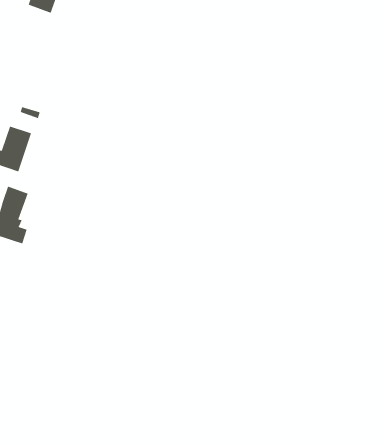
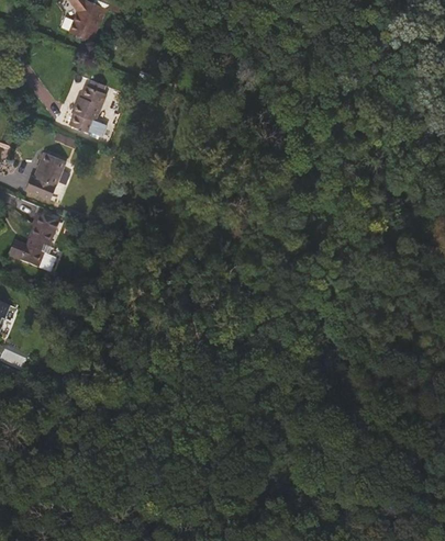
building: none -> [70,78,105,131]

